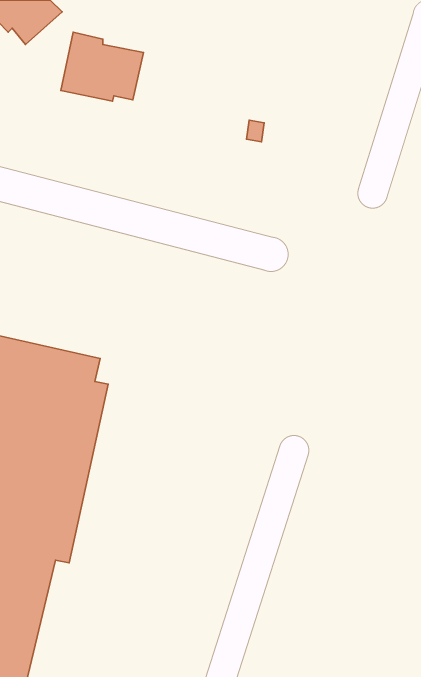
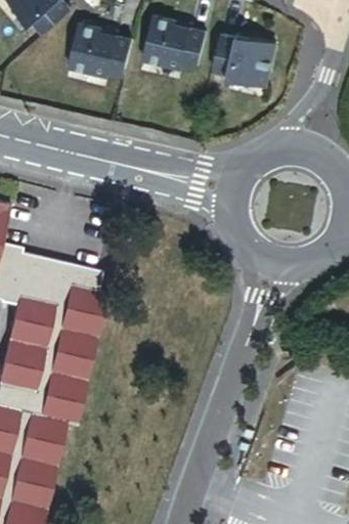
building: none -> [146,18,208,70]
building: none -> [216,35,277,85]

